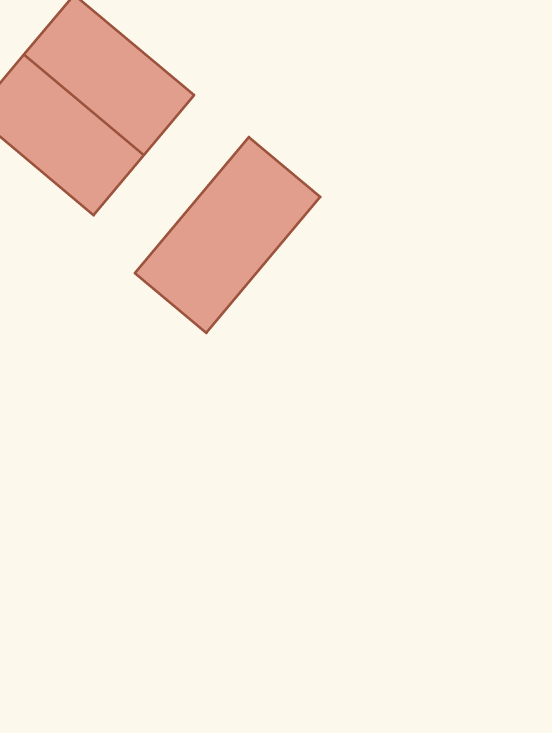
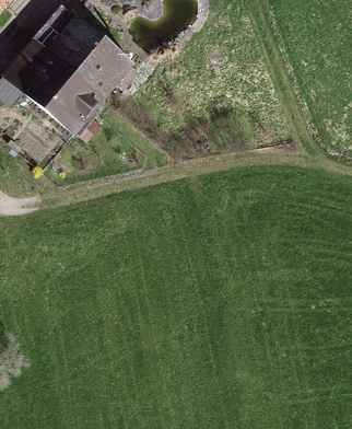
building: [135,137,320,333] -> none

